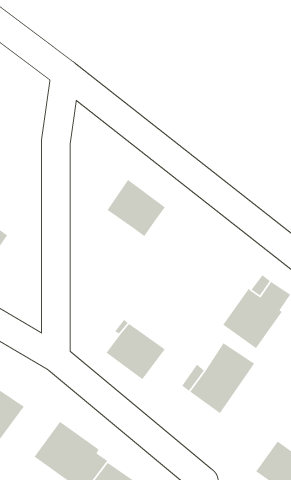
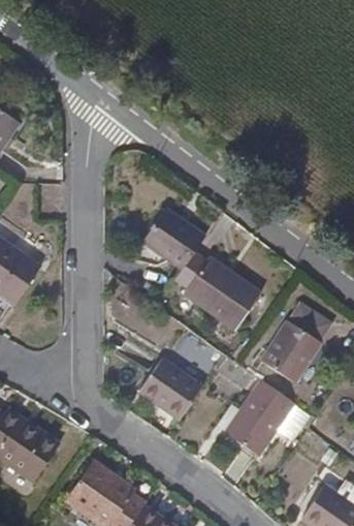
building: none -> [174,251,259,329]

